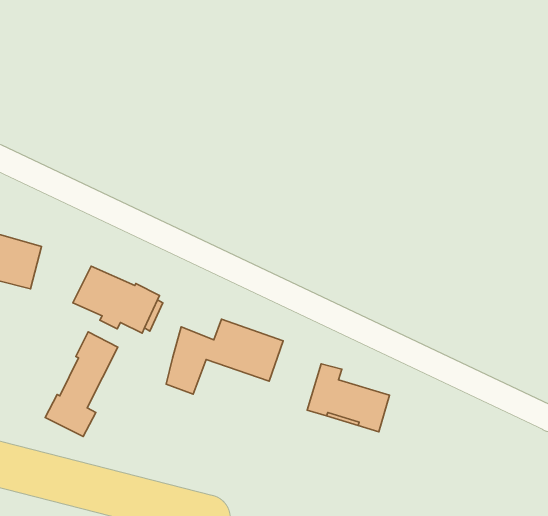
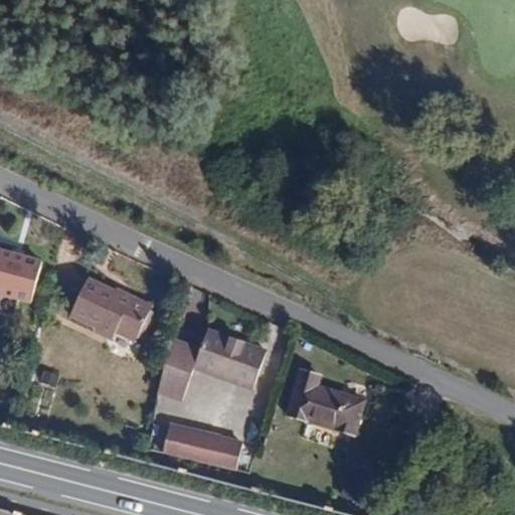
building: [45,332,118,436] -> none
building: none -> [157,423,241,469]

